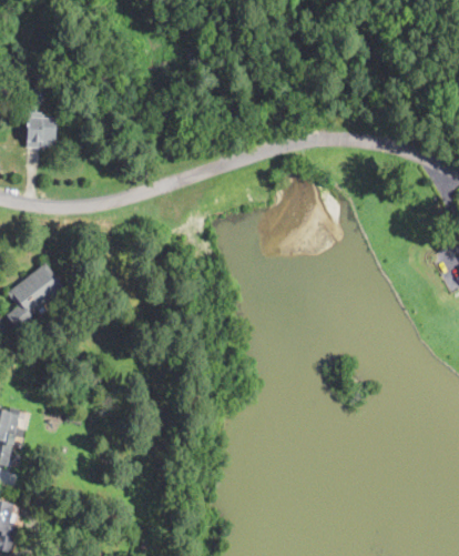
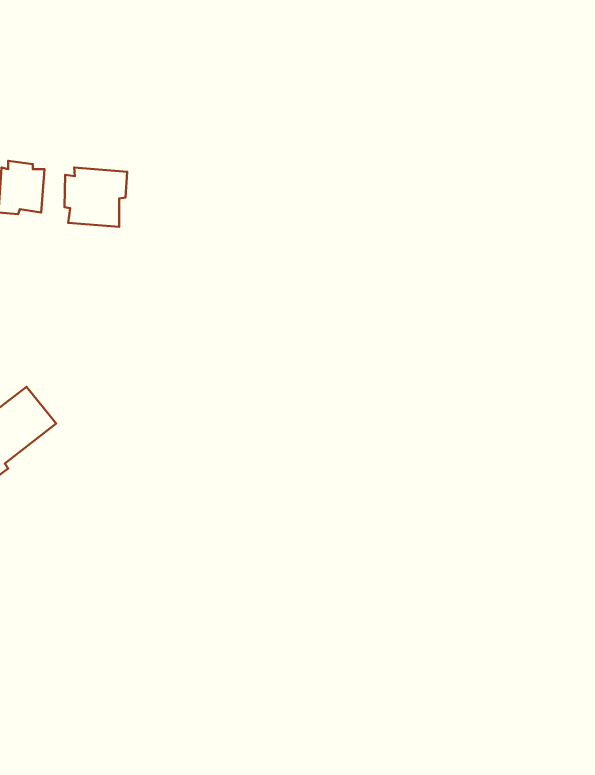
building: none -> [64,167,127,227]

